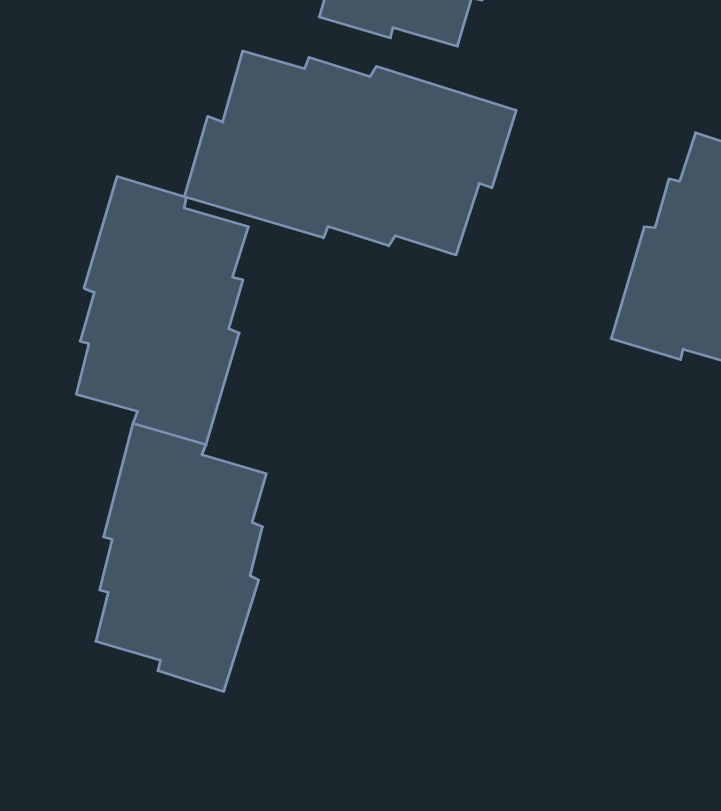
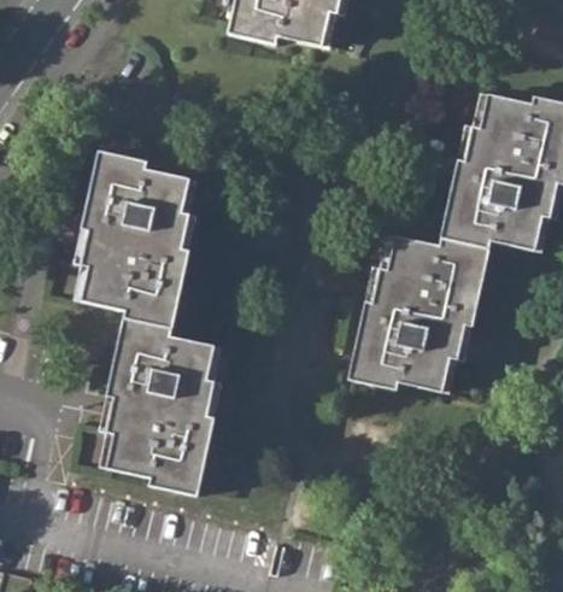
building: [185,51,516,255] -> none
building: none -> [348,235,489,389]

